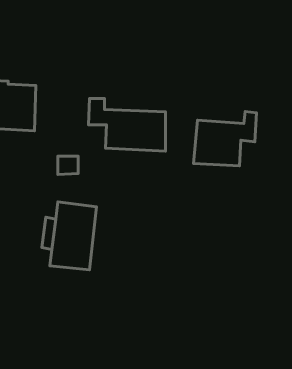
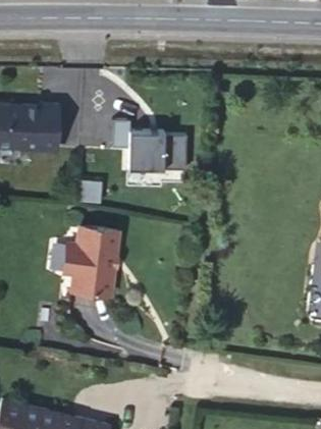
building: [194,111,257,166] -> none

